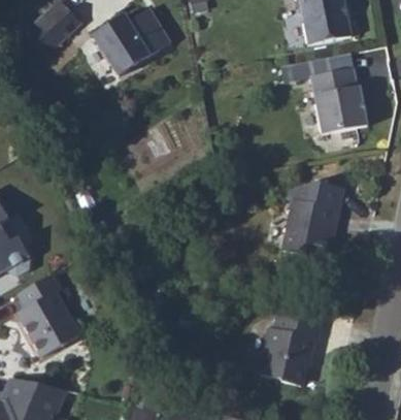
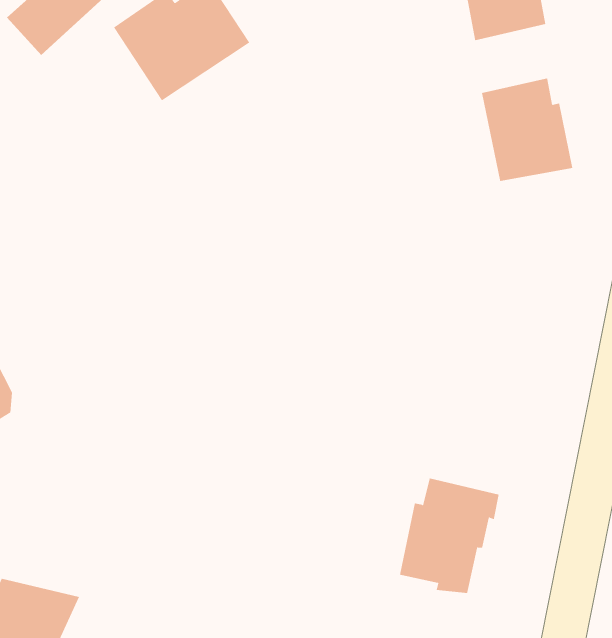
building: [285,182,345,256] -> none
building: [20,272,85,356] -> none

